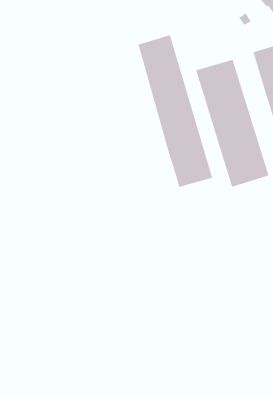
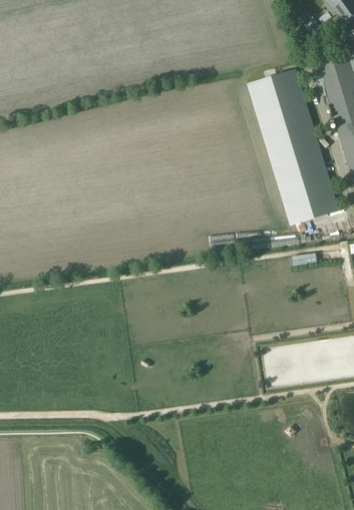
building: [137,34,213,188] -> none

